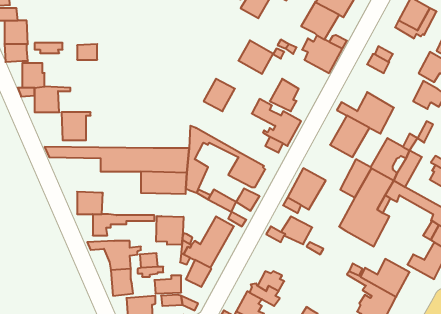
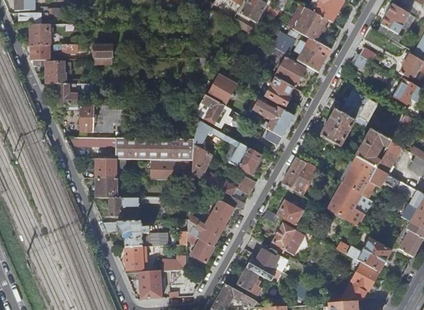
building: [238,40,273,74] -> [275,56,306,86]
building: none -> [197,90,224,124]
building: none -> [94,158,116,178]
building: [156,216,183,245] -> none
building: none -> [270,222,302,253]

